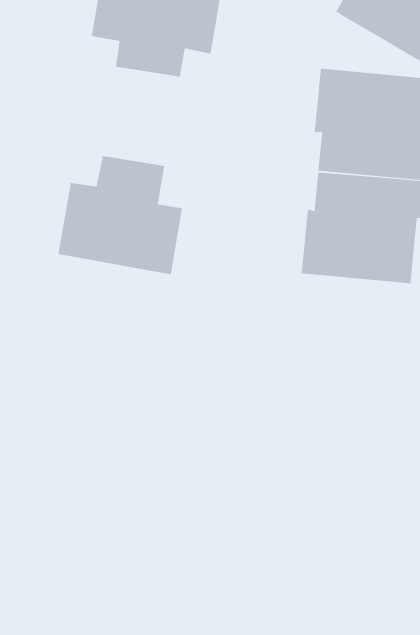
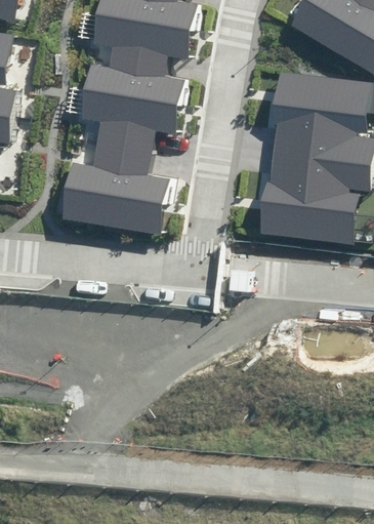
building: none -> [80,63,191,146]

